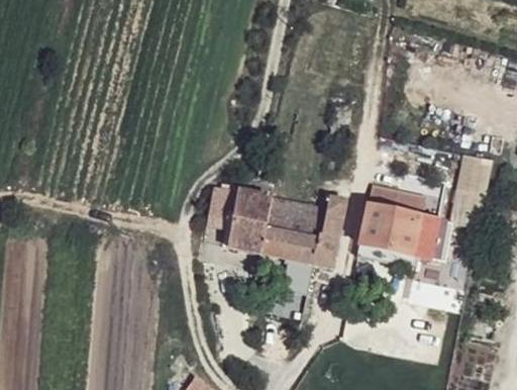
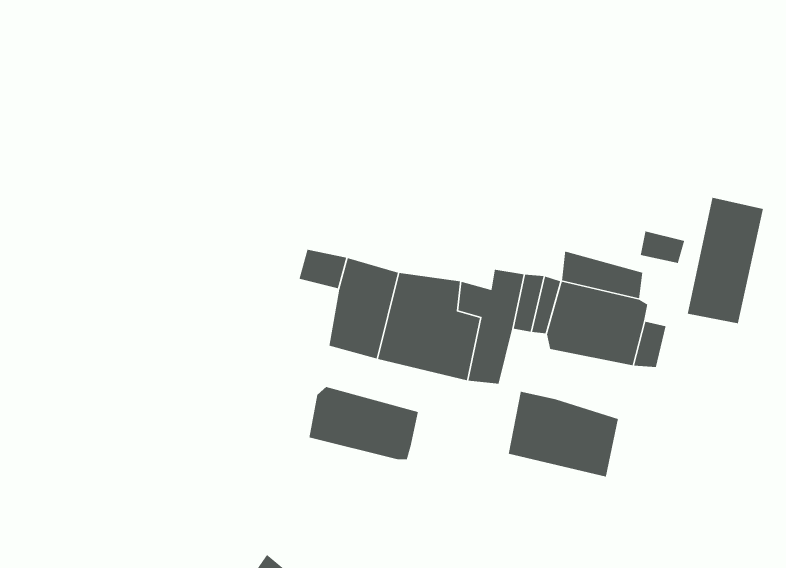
building: none -> [309,386,419,460]
building: none -> [508,391,619,477]

